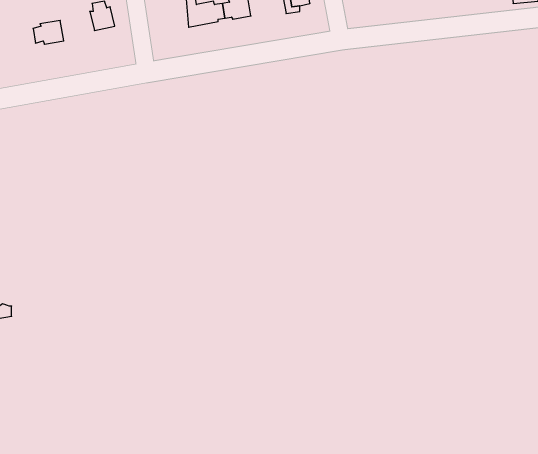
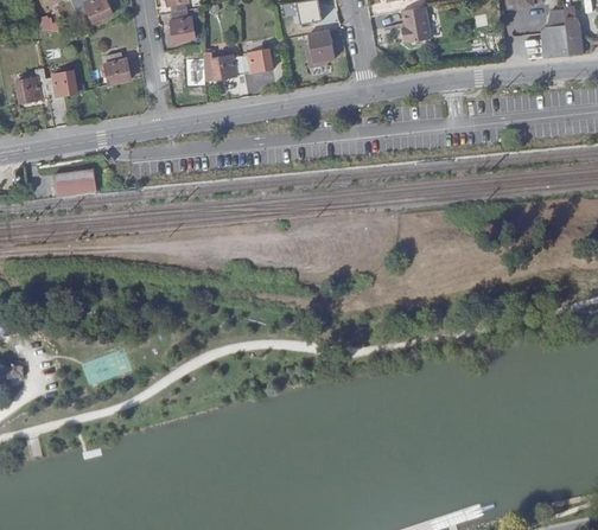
building: none -> [17,79,46,106]
building: none -> [55,168,98,197]

